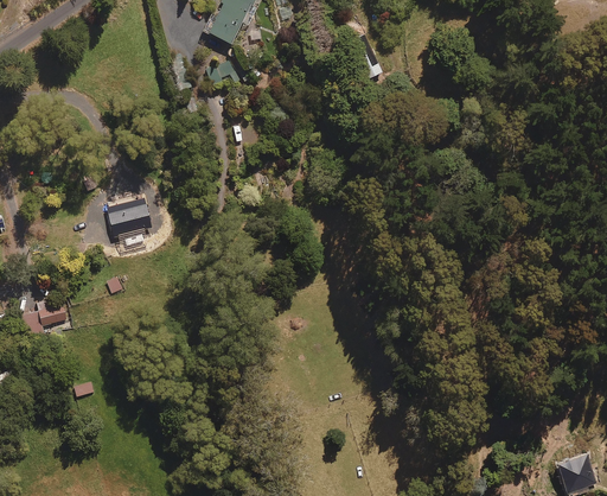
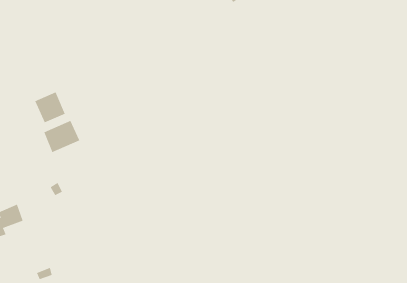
building: none -> [34,91,65,123]

